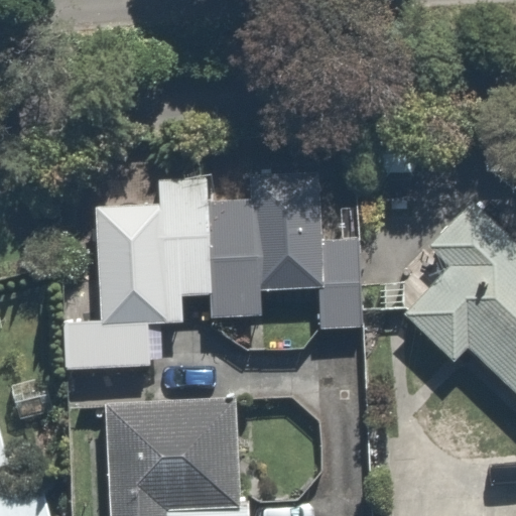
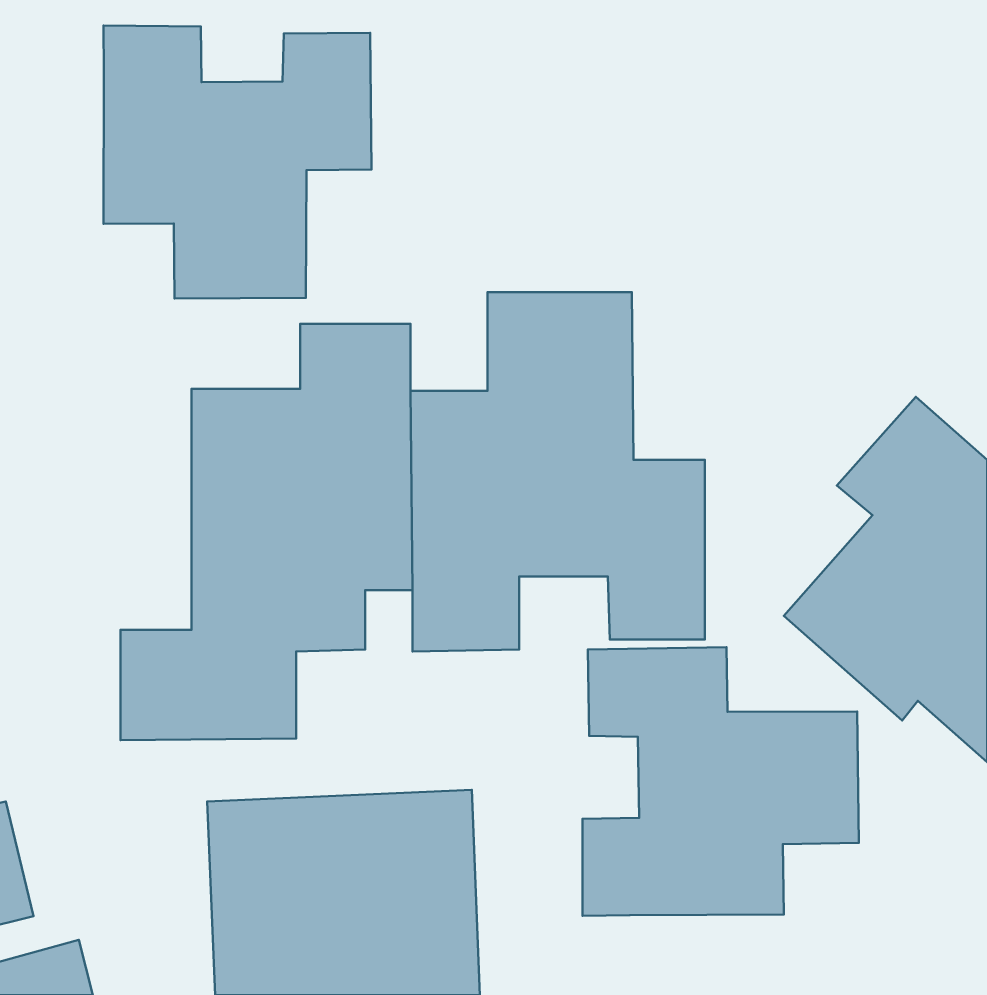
building: none -> [104,26,371,299]
building: none -> [582,647,859,916]

